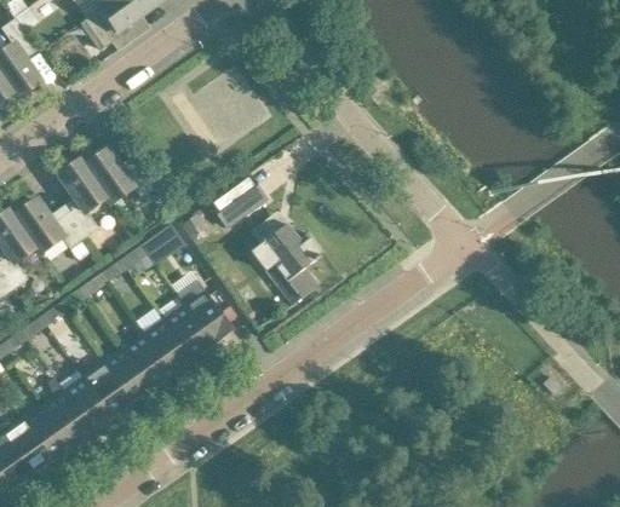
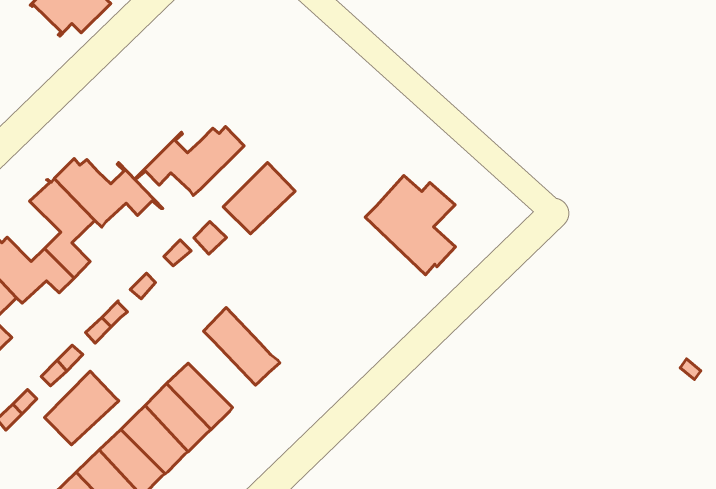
building: none -> [134,127,244,196]
building: [252,223,323,303] -> [365,176,455,275]
building: [162,304,212,358] -> none
building: none -> [44,371,119,445]

